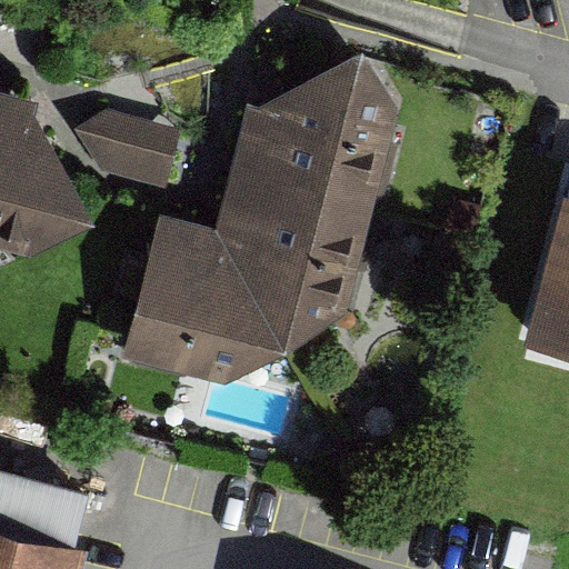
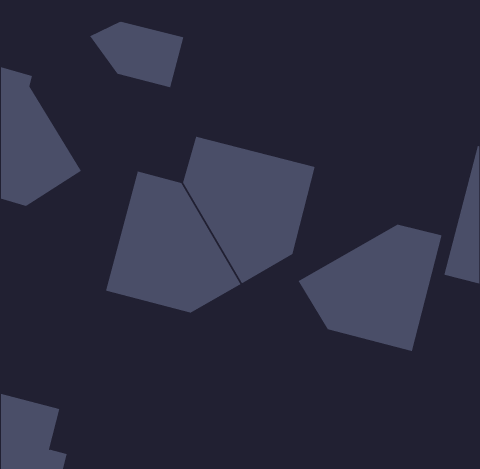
building: [231,56,401,210] -> none
building: [70,117,182,196] -> [89,21,184,88]
building: none -> [298,224,442,352]

